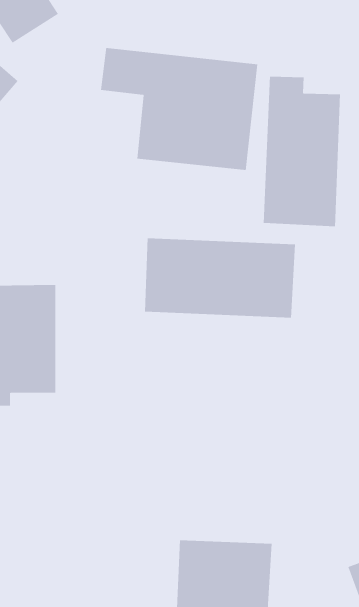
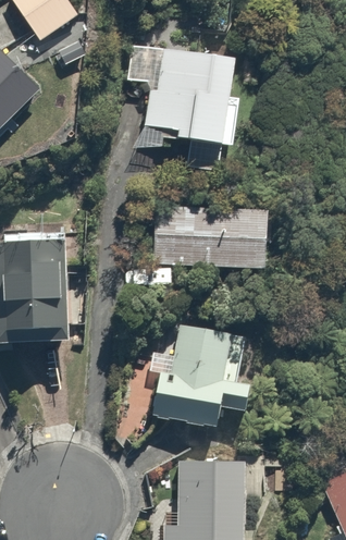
building: [263,76,340,227] -> none
building: none -> [141,316,262,437]

